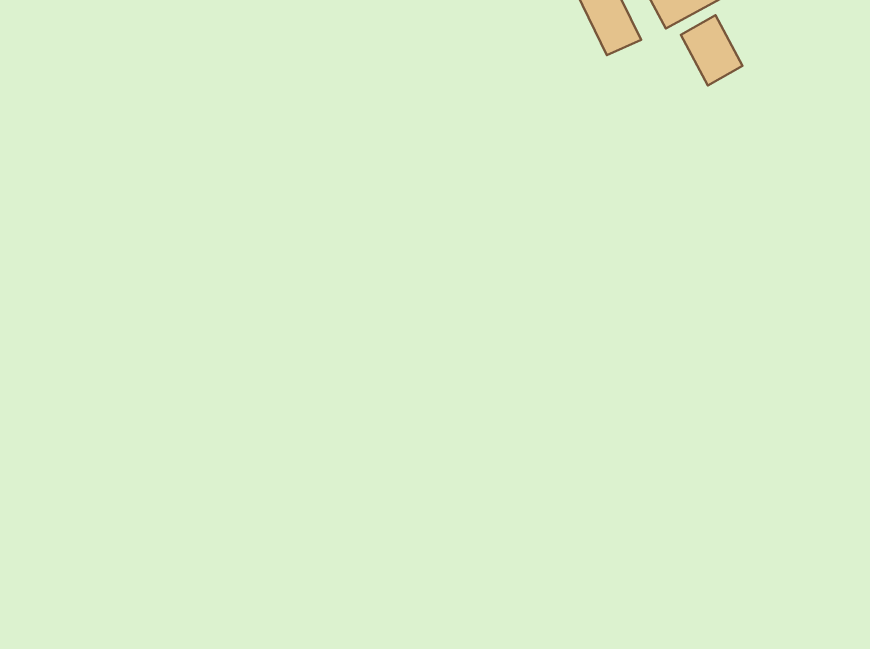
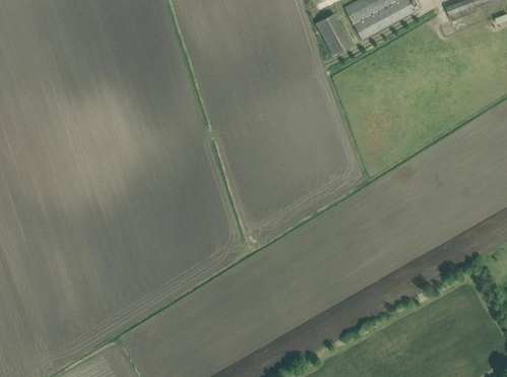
building: [681,15,743,86] -> none

